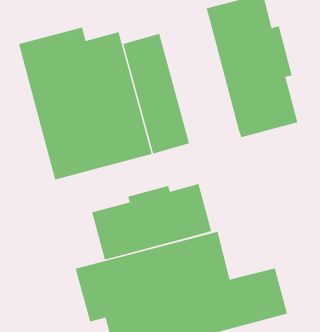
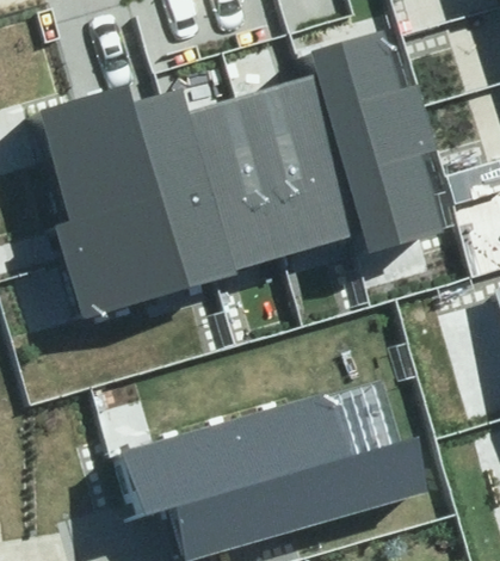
building: none -> [247,75,363,257]
building: [92,183,212,260] -> none

